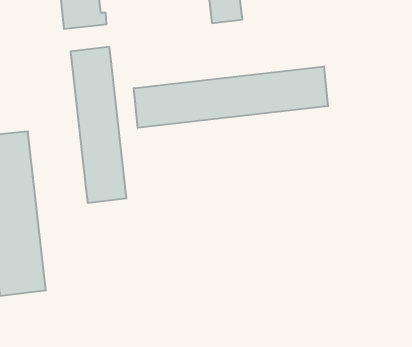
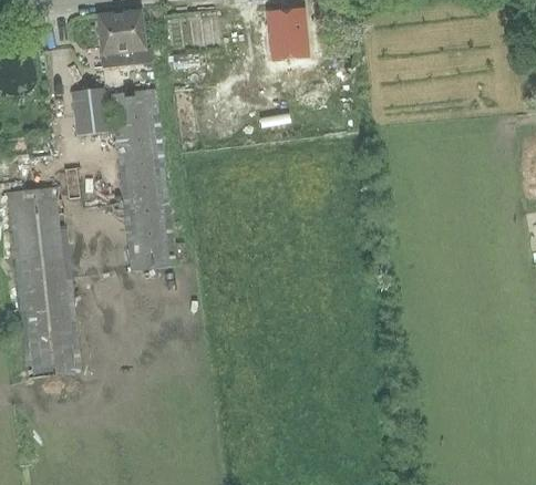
building: none -> [71,87,111,135]
building: [134,66,328,128] -> none

